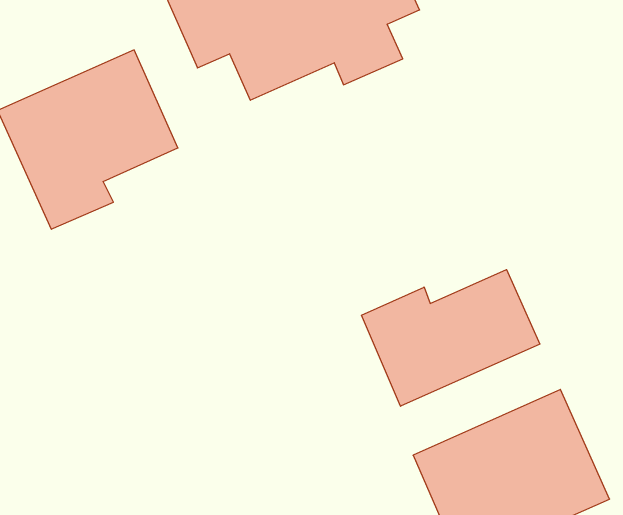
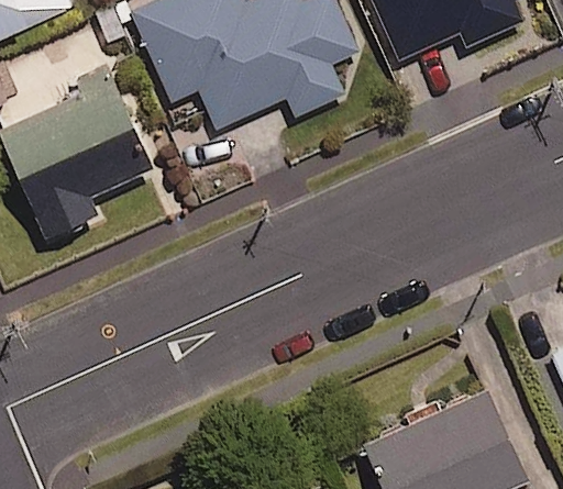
building: [361,270,540,406] -> none

